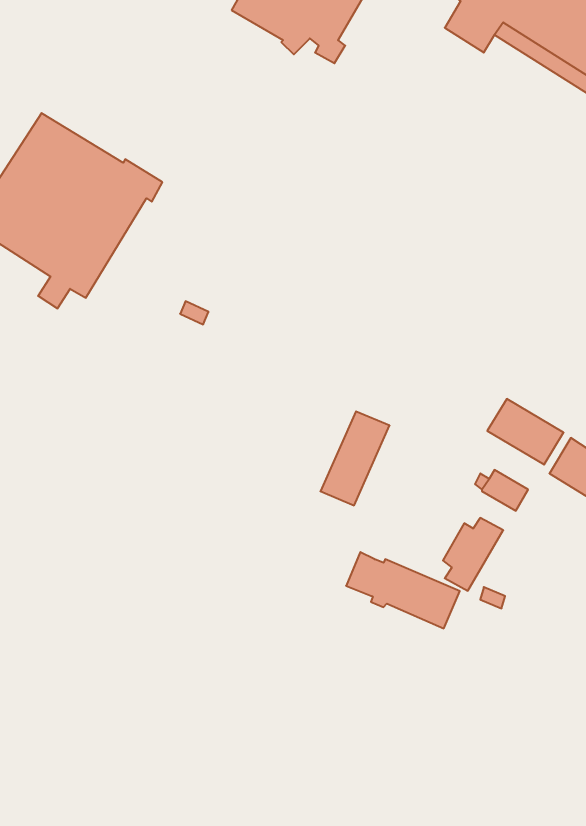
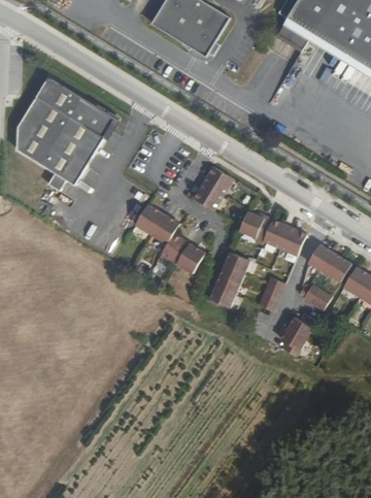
building: none -> [192,166,231,209]
building: none -> [134,203,203,271]
building: none -> [259,277,284,311]
building: [346,552,460,628] -> [240,211,306,256]

